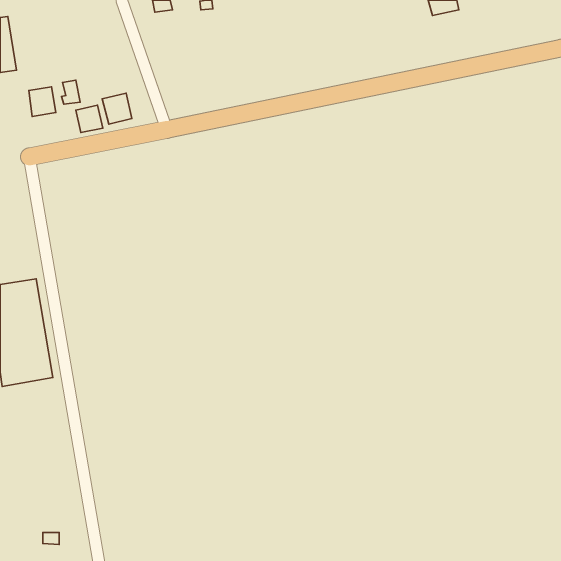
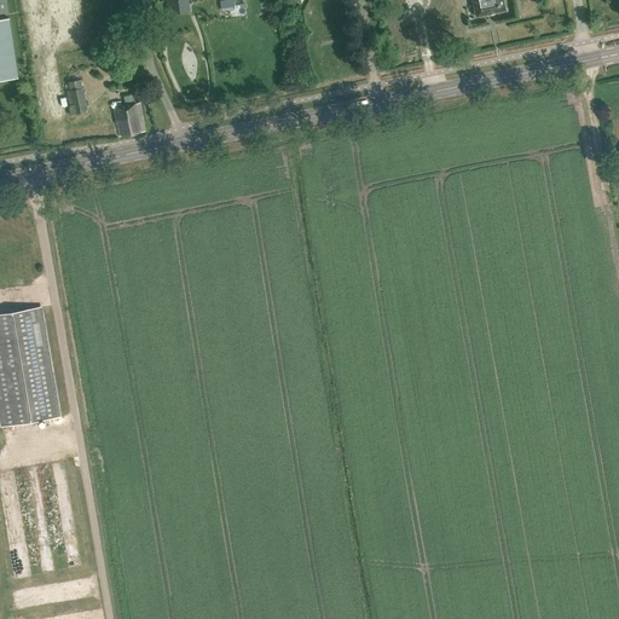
building: [29,87,56,116] -> none
building: [76,105,103,132] -> none

